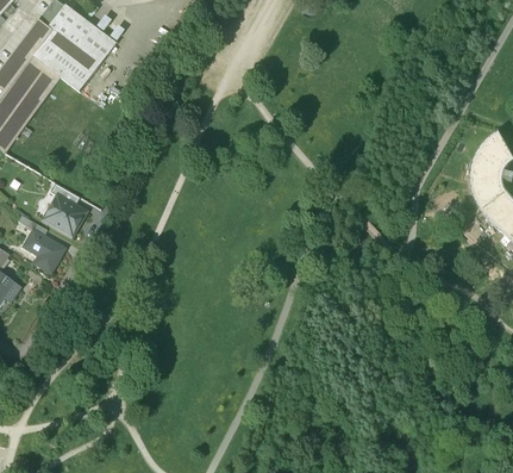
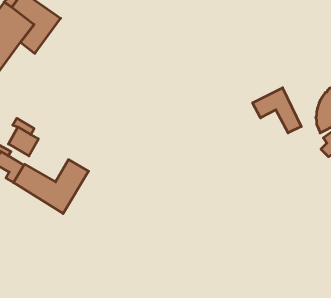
building: none -> [253,88,301,133]
building: none -> [13,160,89,214]

